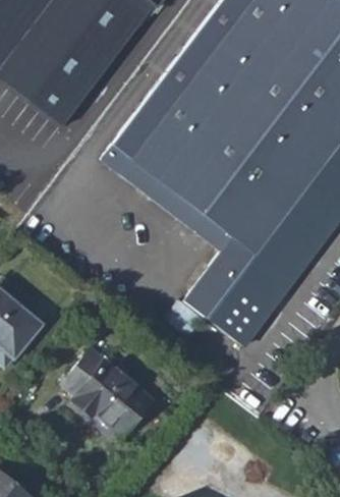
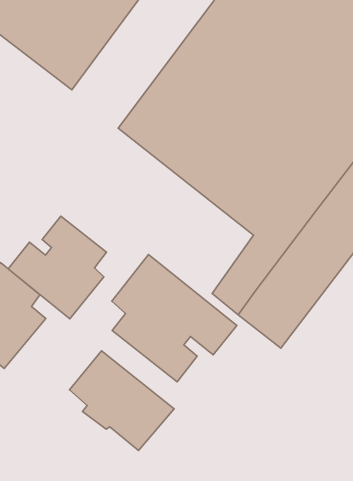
building: none -> [8,216,107,319]
building: none -> [112,255,237,382]

